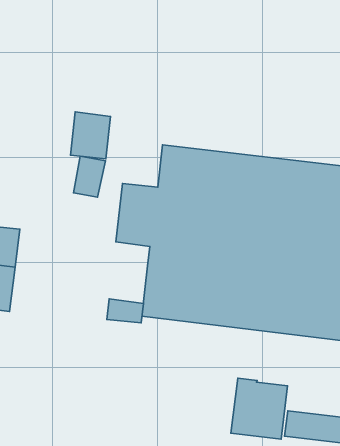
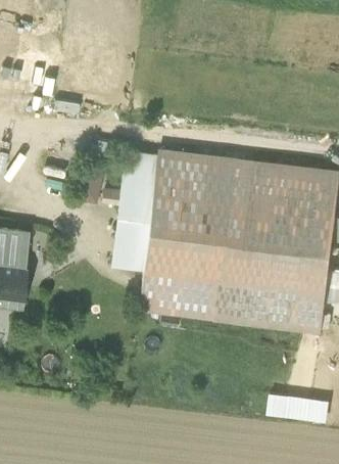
building: [71,112,111,159] -> [122,151,157,193]
building: [107,299,143,323] -> [113,242,146,264]
building: [231,378,287,439] -> none

